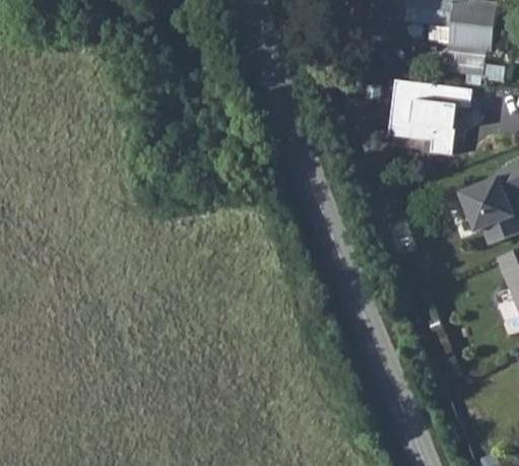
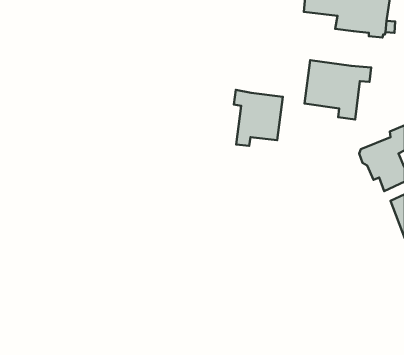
building: [447,43,486,74] -> none
building: none -> [234,90,283,146]

